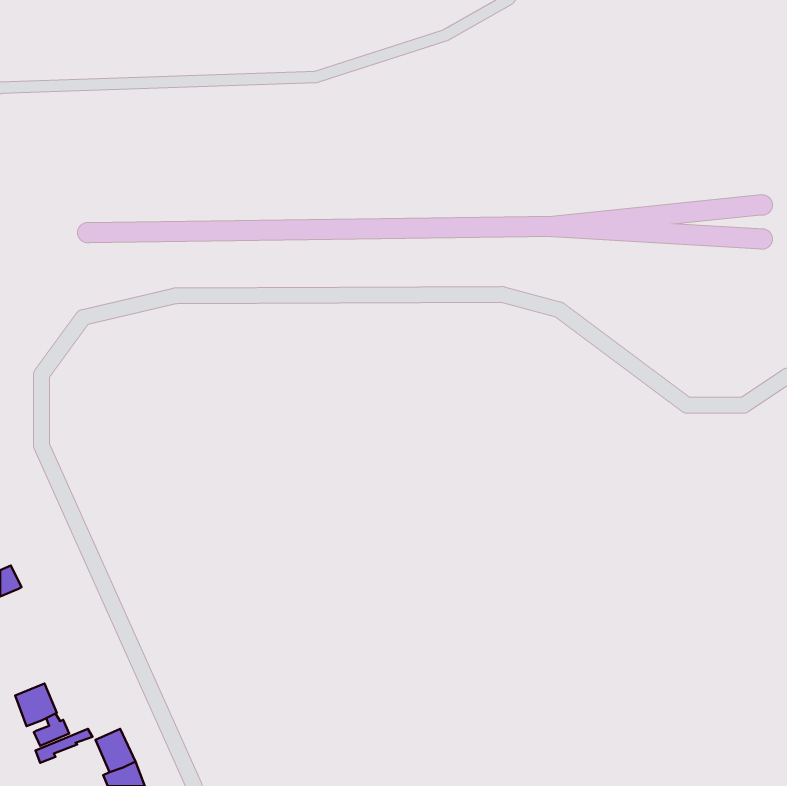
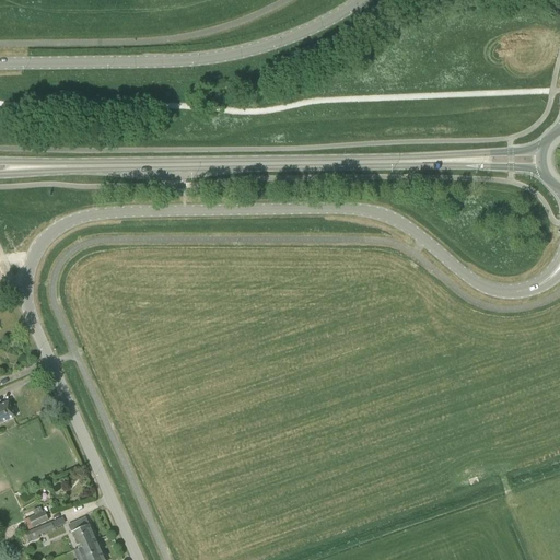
building: [15,684,57,726] -> none

